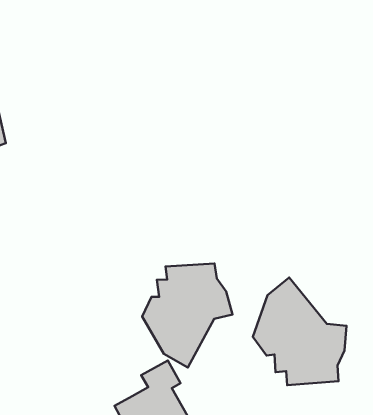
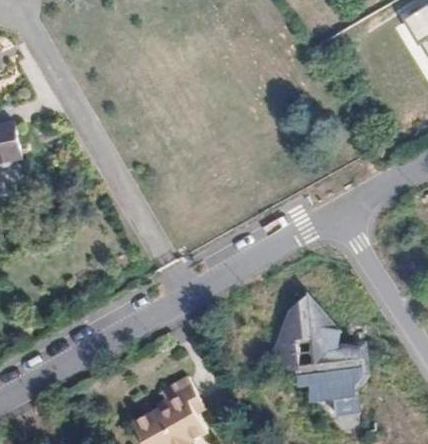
building: [142,263,233,368] -> none

